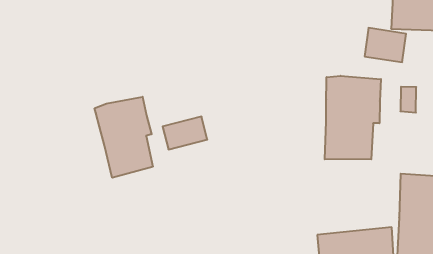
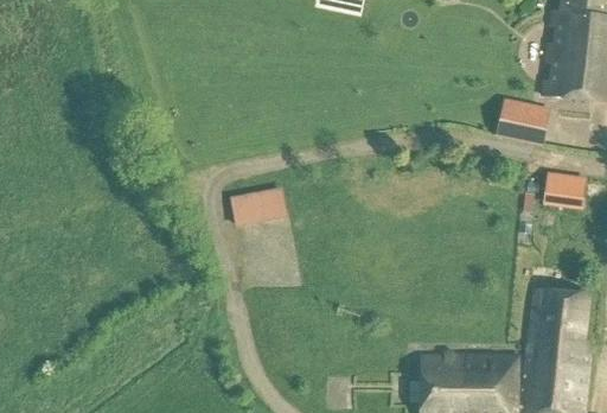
building: [325,76,381,159] -> none
building: [95,97,153,178] -> none

